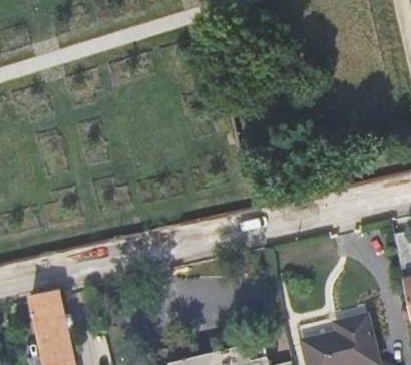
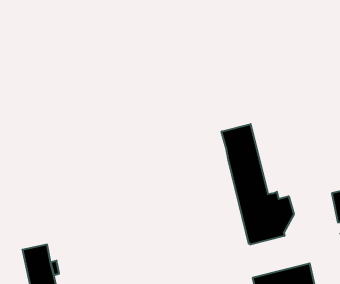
building: none -> [222,124,294,245]

